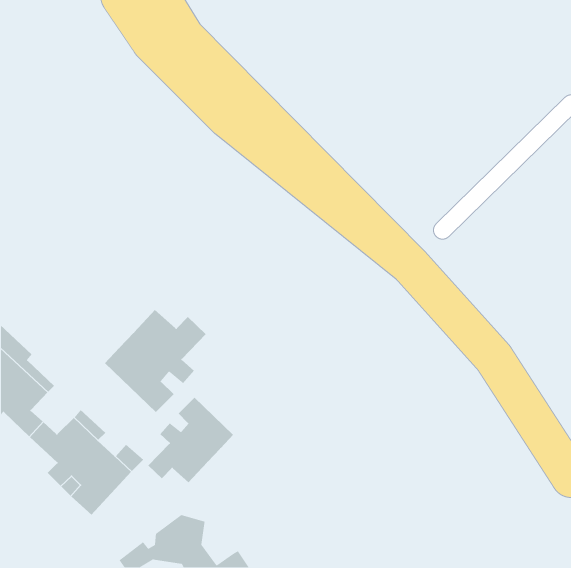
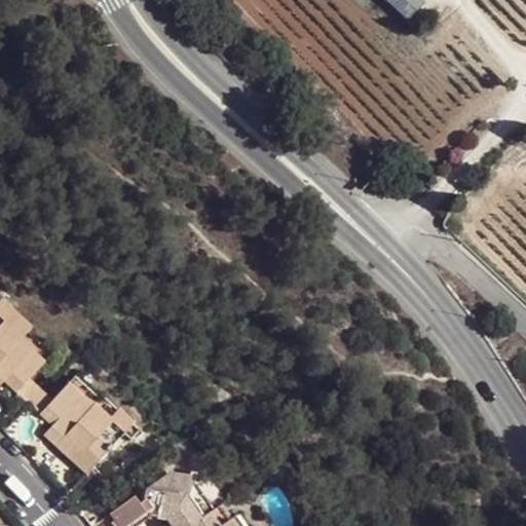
building: [104,309,207,413] -> none
building: [147,397,234,483] -> none

